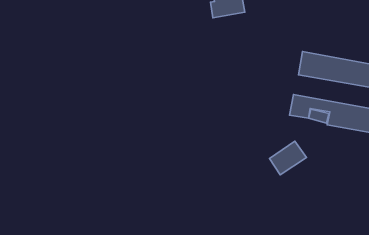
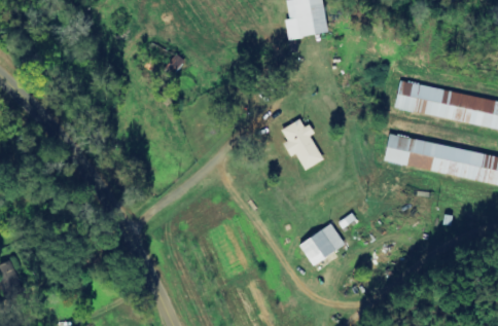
building: none -> [281,118,324,170]
building: [269,141,306,175] -> [299,223,346,265]

